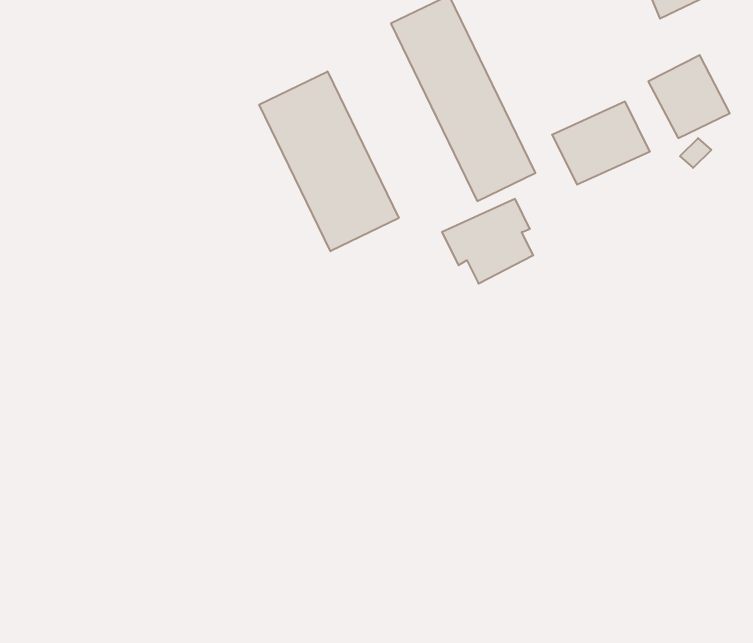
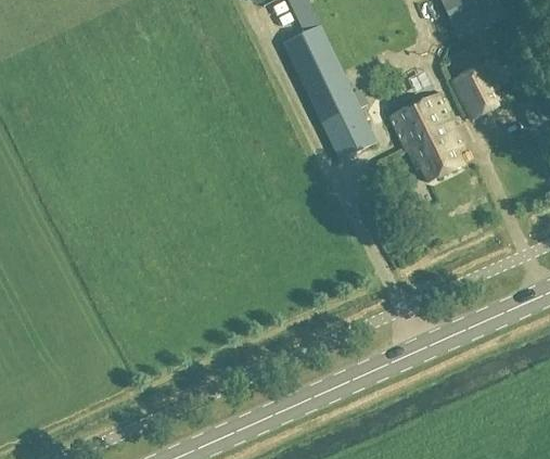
building: [259,71,399,251] -> none
building: [442,199,533,284] -> [404,125,463,180]

